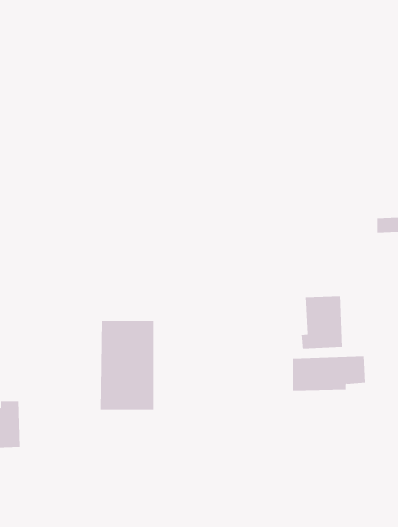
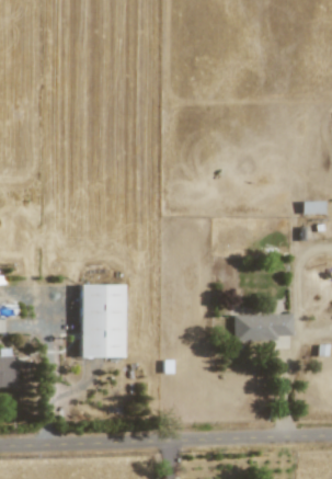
building: [301,295,343,350] -> none

